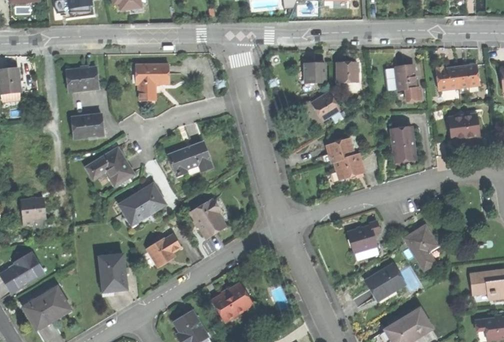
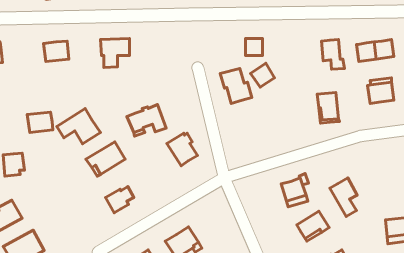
building: [338,62,359,82] -> none
building: [75,113,105,137] -> [27,112,53,133]
building: [326,138,363,179] -> [220,69,252,104]
building: [190,200,226,238] -> [167,133,197,166]
building: [99,254,125,290] -> none

